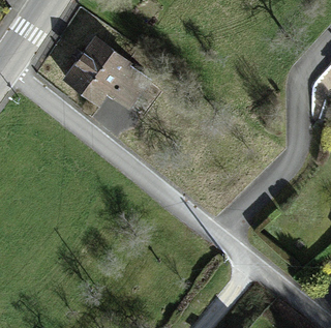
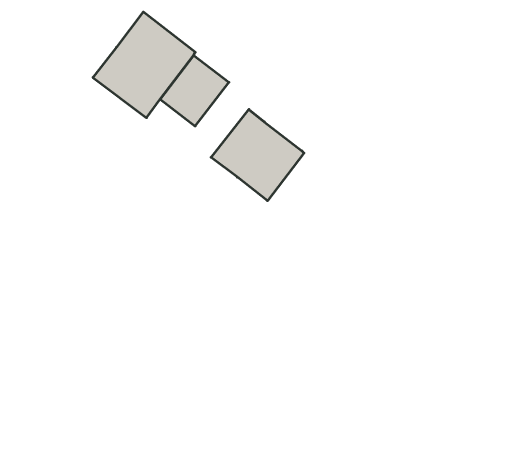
building: none -> [211,109,304,201]

